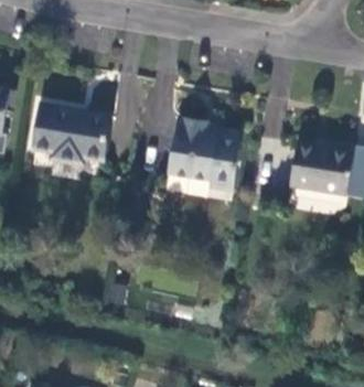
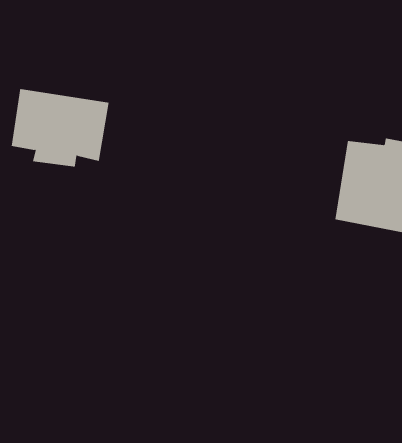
building: [165,118,239,195] -> none

